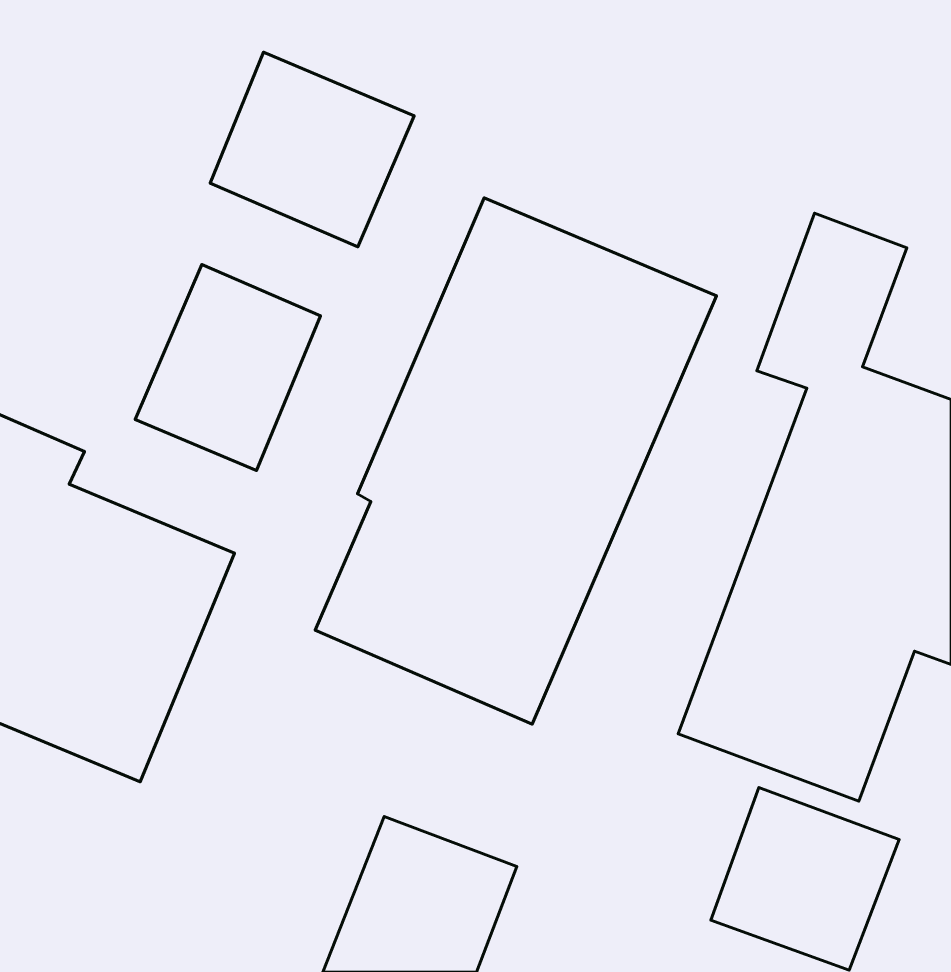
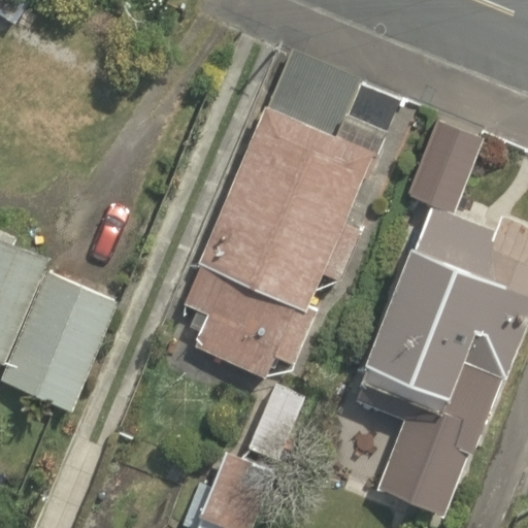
building: [210,52,414,247] -> none
building: [135,265,321,470] -> none

